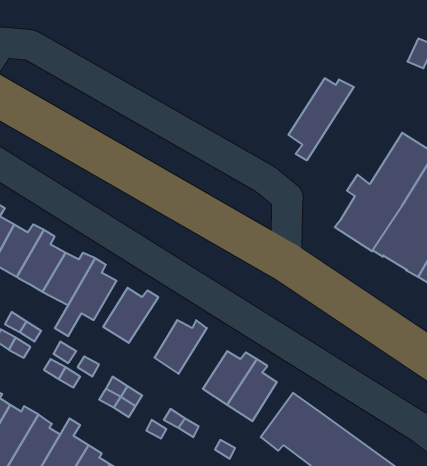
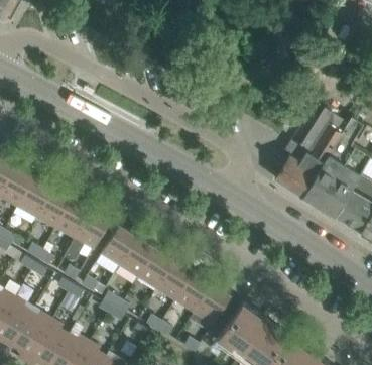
building: [288,78,354,160] -> none
building: none -> [118,233,154,278]
building: none -> [155,256,192,301]

